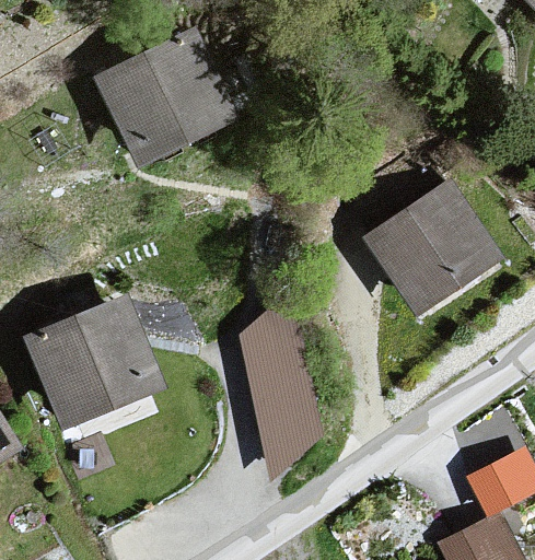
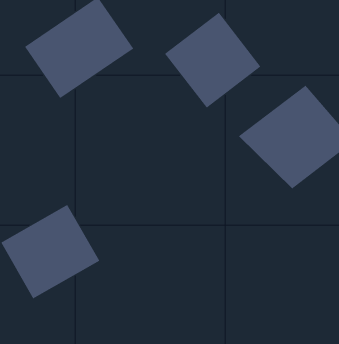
building: none -> [164,12,261,109]
building: [226,296,324,451] -> none

